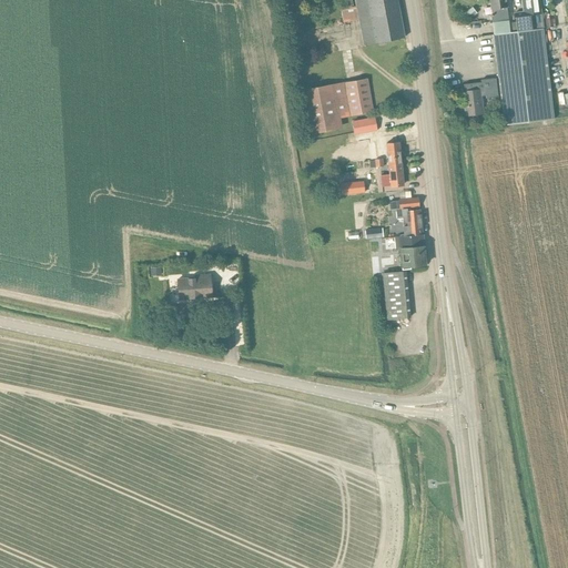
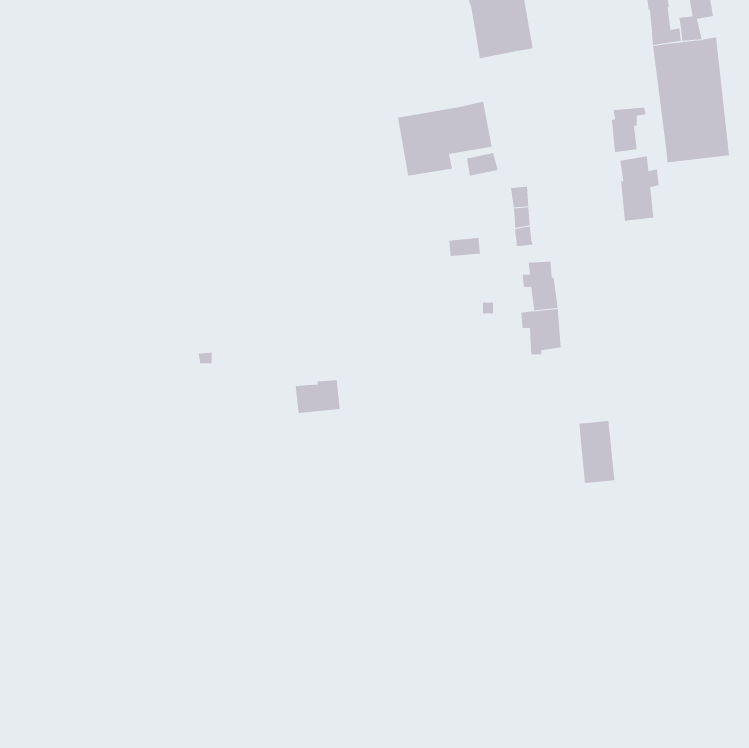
building: none -> [620,155,659,222]
building: [383,271,410,318] -> [578,421,615,484]
building: [178,274,212,300] -> [295,380,340,414]

